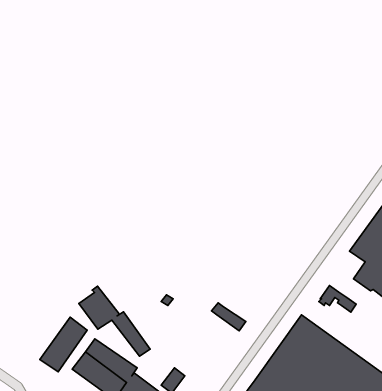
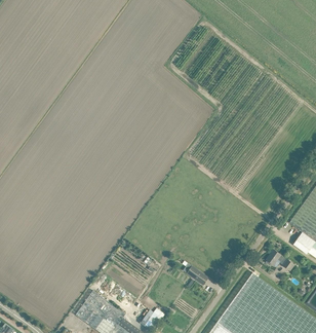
building: [79,286,150,356] -> none
building: [40,317,87,372] -> none

